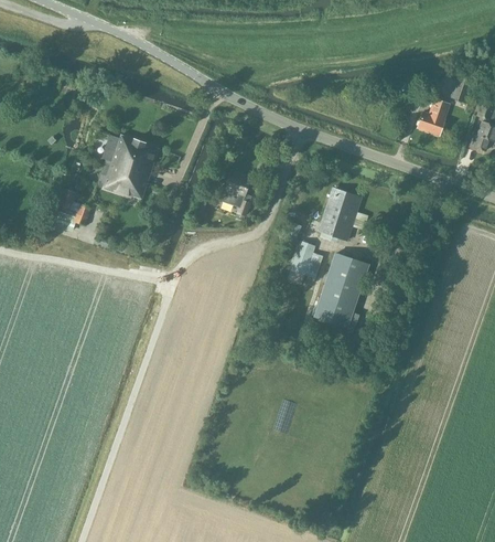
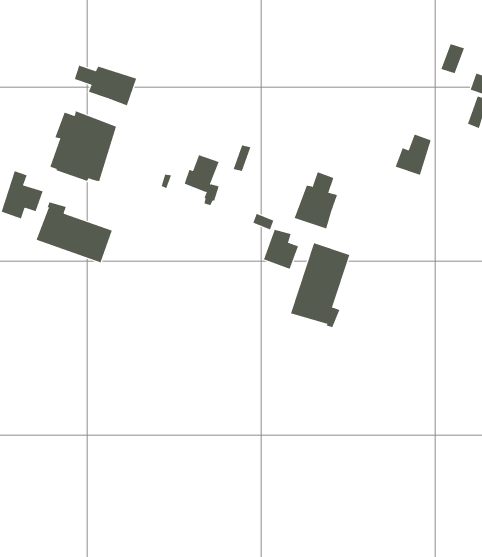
building: none -> [74,65,137,106]
building: [417,97,450,135] -> [395,134,431,175]
building: none -> [36,201,112,263]

